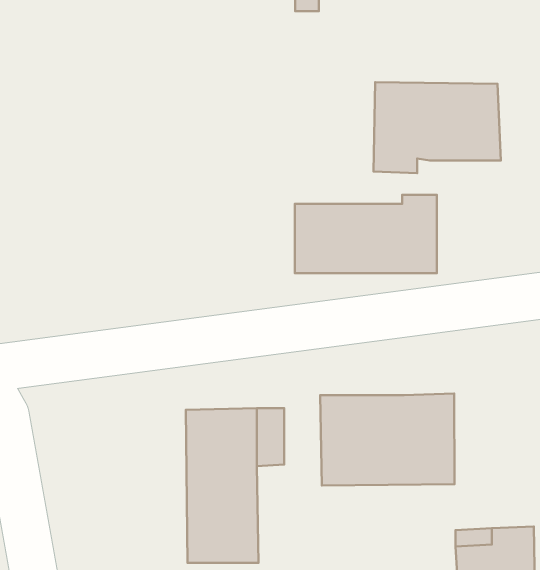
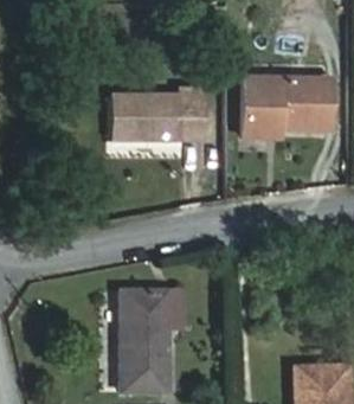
building: [295,195,437,273] -> [111,89,204,140]
building: [320,394,455,486] -> none

